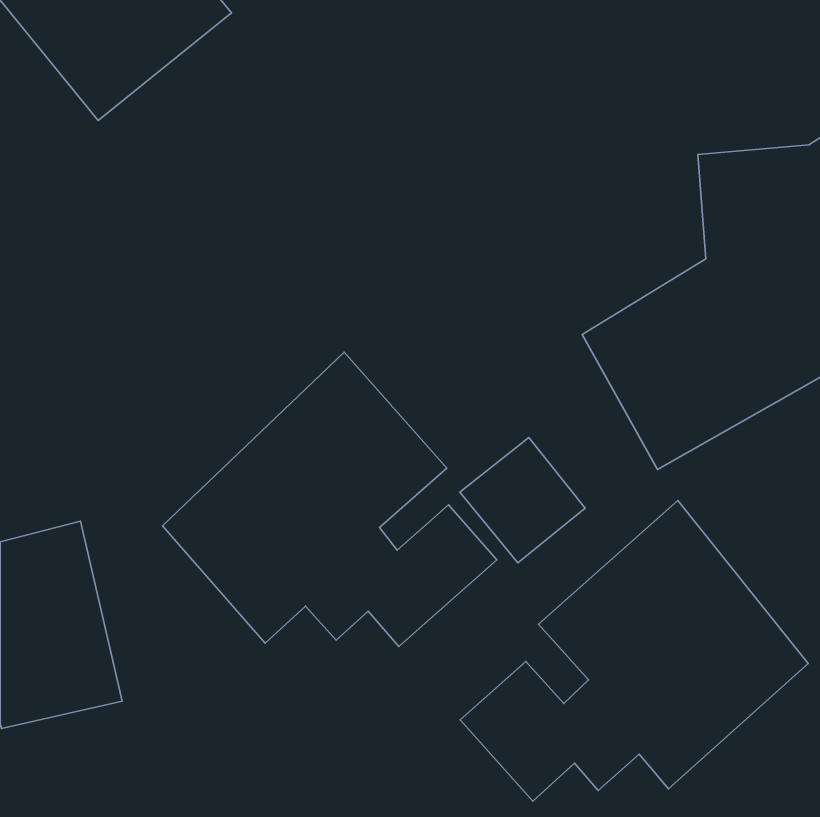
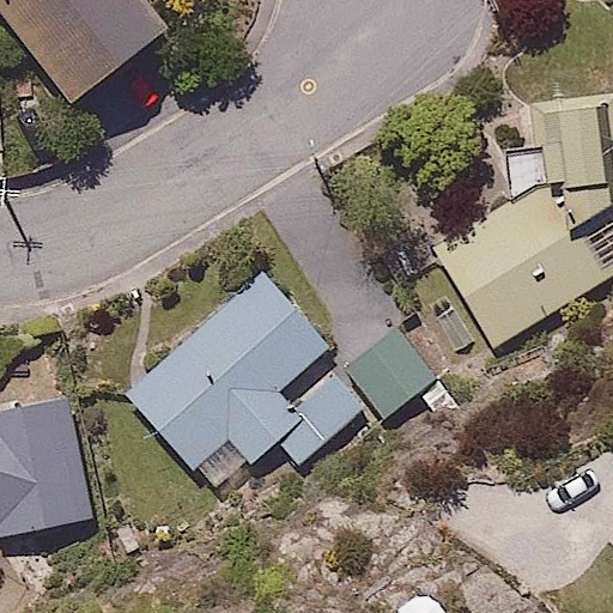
building: [460,500,808,801] -> none

